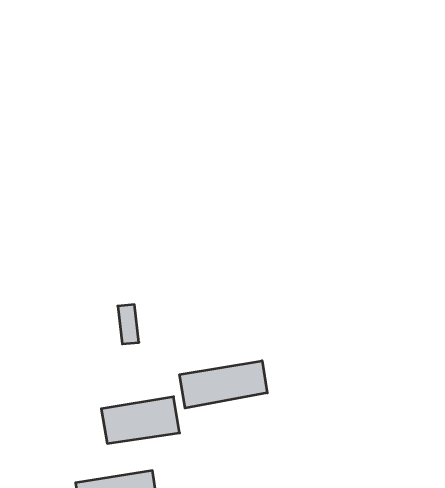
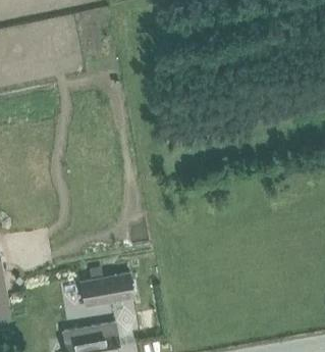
building: [180,361,267,408] -> none

